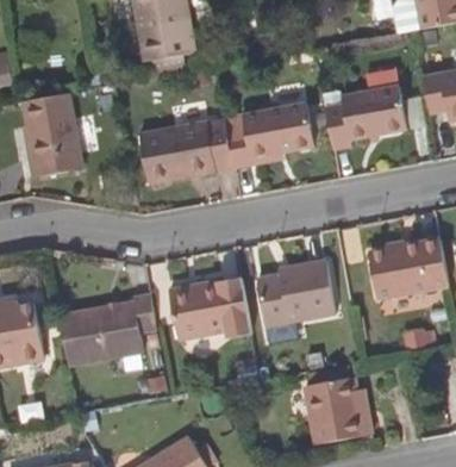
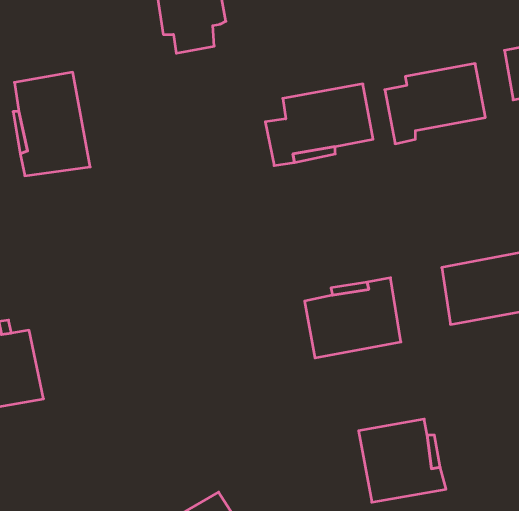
building: [139,116,233,186] -> none
building: [169,280,251,340] -> none
building: [58,292,157,366] -> none

